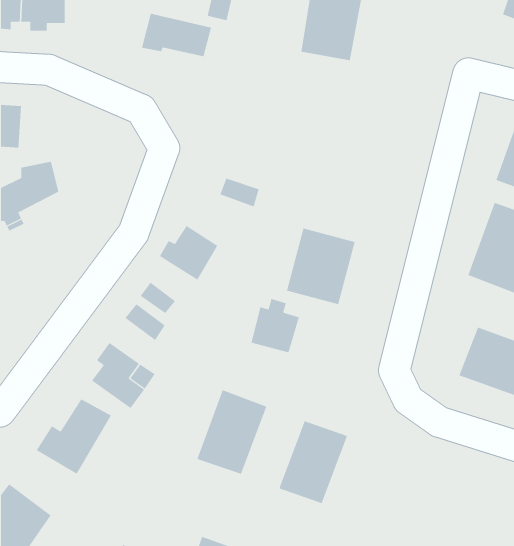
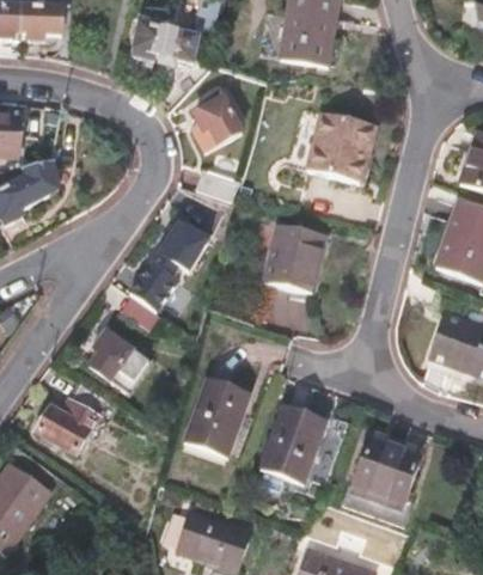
building: none -> [192,96,242,148]
building: none -> [304,114,374,185]
building: [251,298,299,353] -> none
building: none -> [353,434,421,502]

